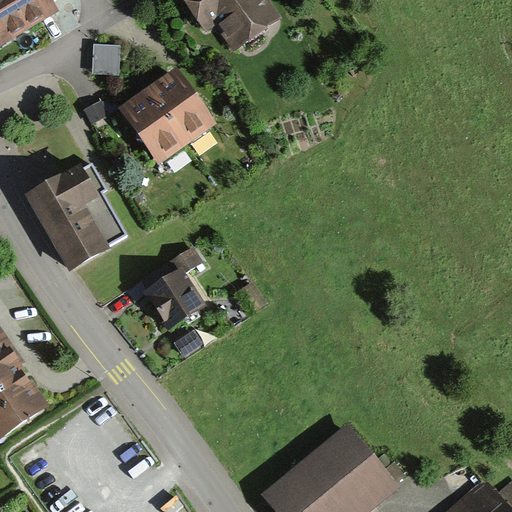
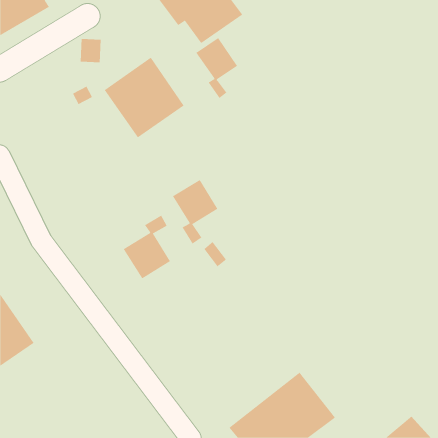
building: none -> [196,37,238,99]
building: [26,166,128,272] -> none
building: none -> [172,179,218,245]

